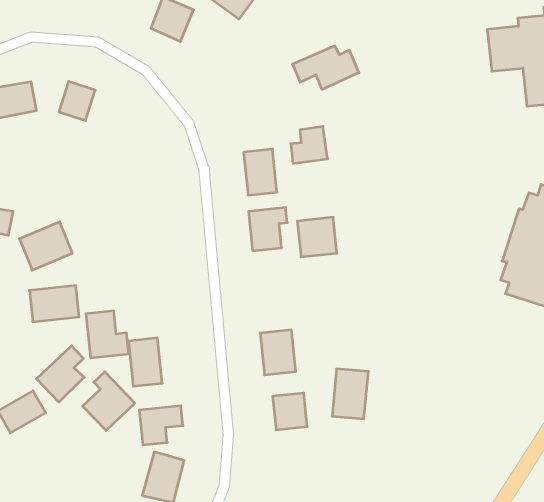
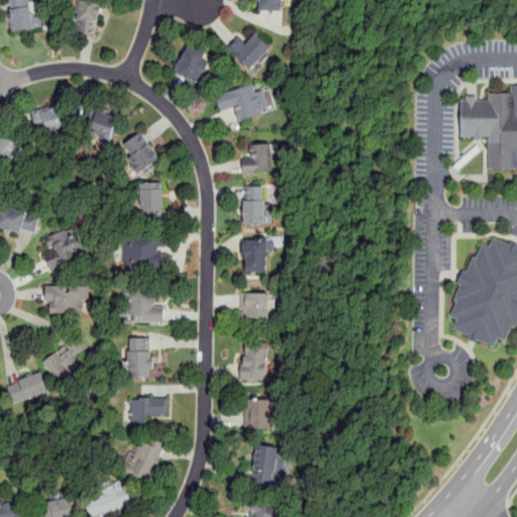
building: [292,46,359,89] -> [213,85,270,121]
building: none -> [121,131,160,175]
building: [291,126,328,163] -> [240,142,271,172]
building: none -> [138,183,163,224]
building: none -> [128,234,163,268]
building: [297,217,337,257] -> [238,293,270,324]
building: [86,311,129,358] -> [129,285,163,323]
building: [332,369,368,419] -> [249,443,285,489]
building: [83,372,135,431] -> none

